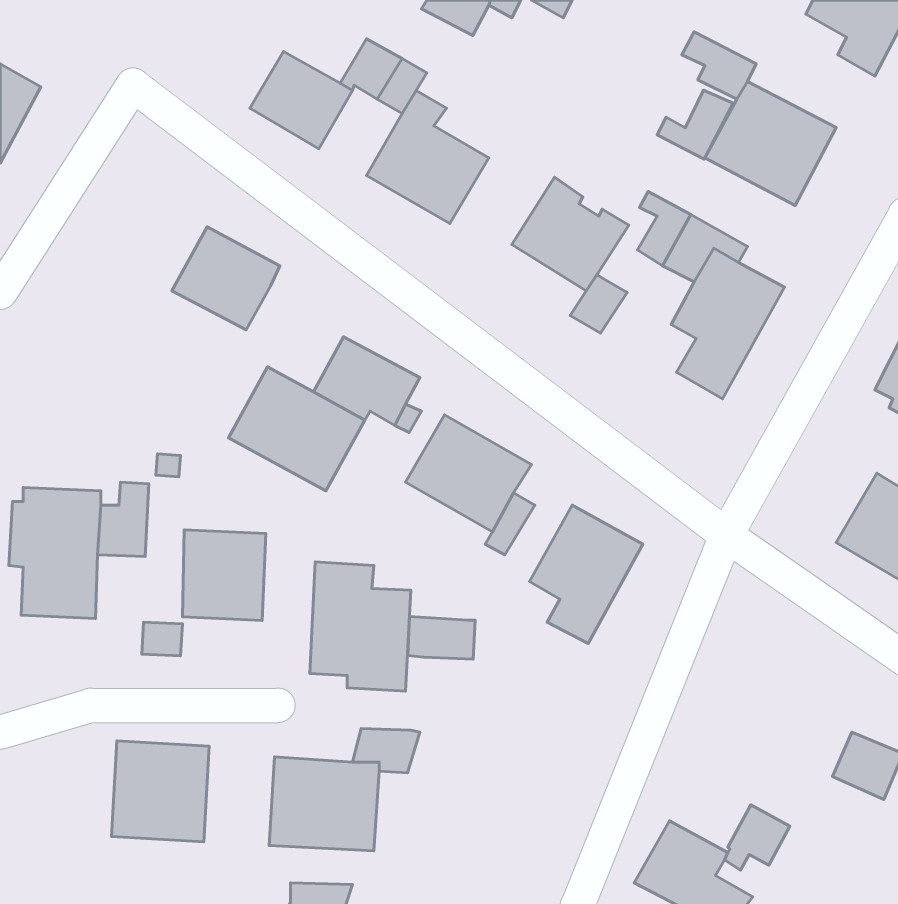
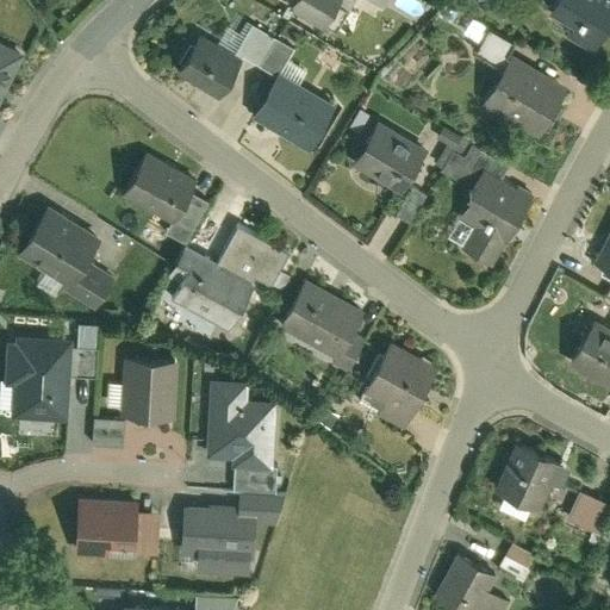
building: [657,90,733,159] -> none
building: none -> [163,193,208,248]
building: none -> [13,205,116,312]
building: [408,616,475,659] -> [237,463,282,492]
building: none -> [492,444,559,511]

